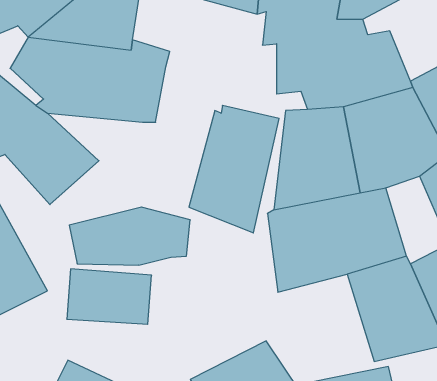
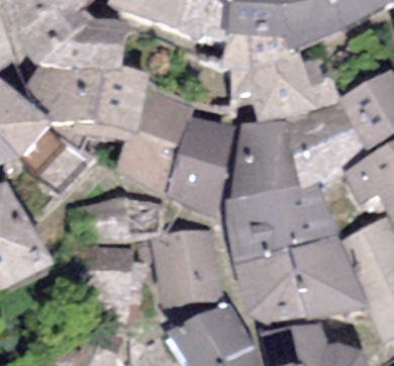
building: none -> [112,86,192,196]
building: none -> [150,227,221,308]
building: none -> [233,249,309,324]

